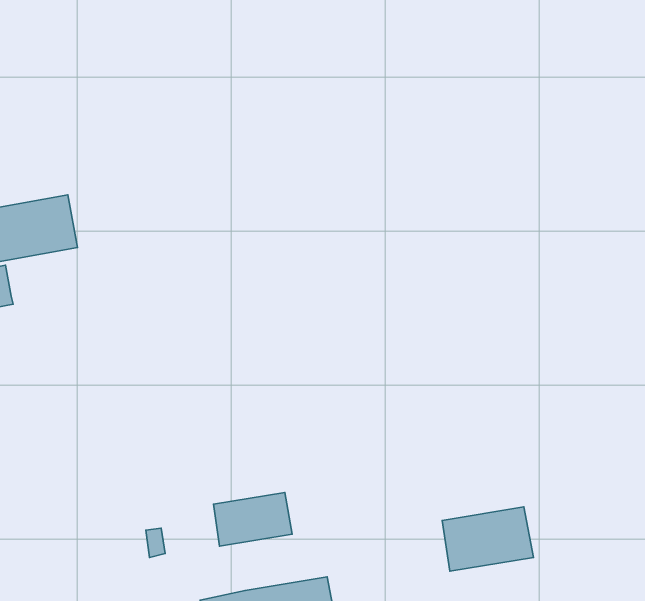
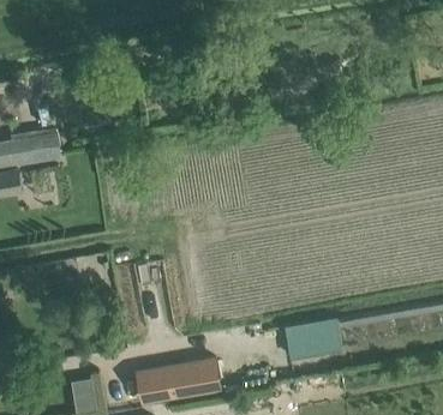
building: [214,493,292,546] -> none

